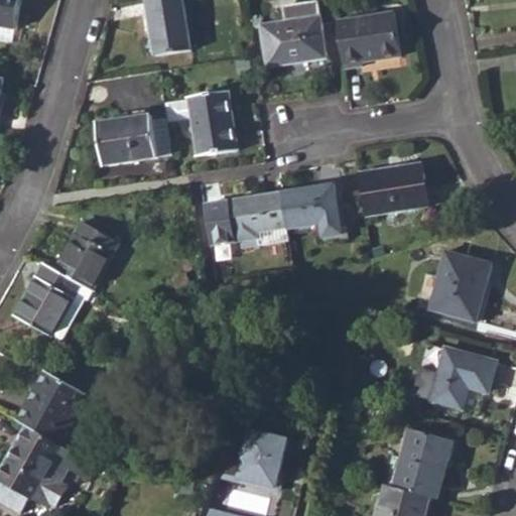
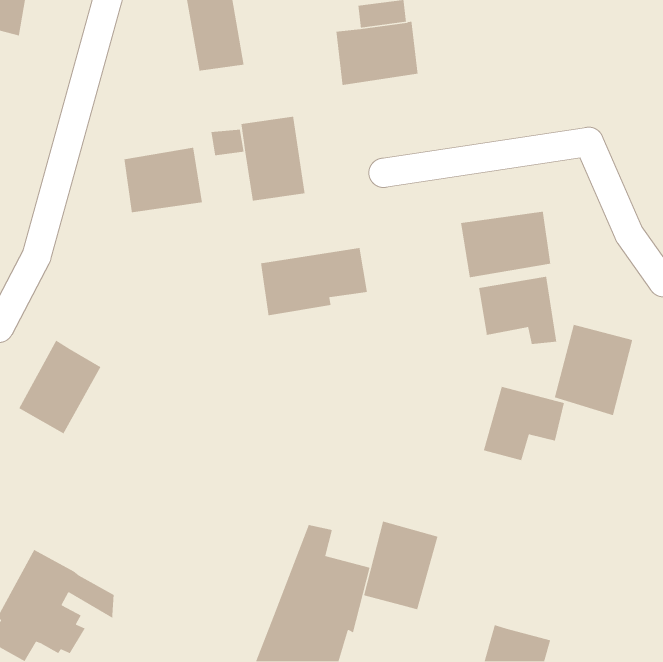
building: [335,11,399,69] -> none
building: [279,182,341,236] -> [478,276,557,345]
building: [54,221,118,290] -> none
building: [430,349,494,407] -> [483,386,565,461]
building: [17,371,84,442] -> none
building: [393,428,452,498] -> [363,521,439,610]

